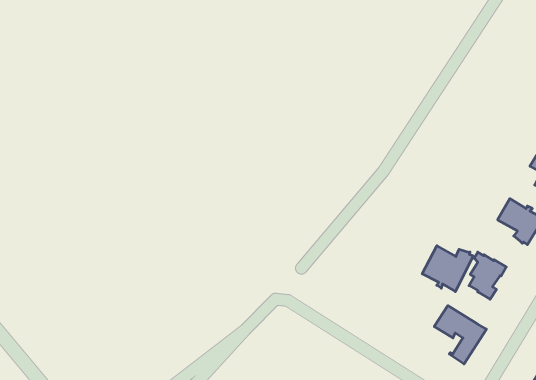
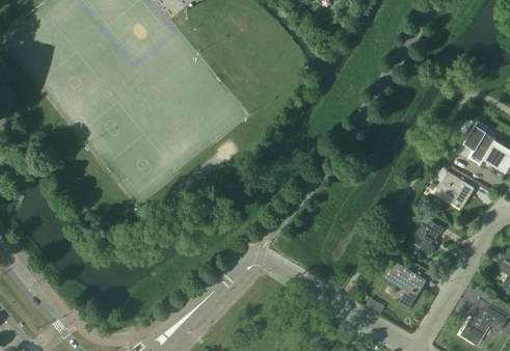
building: [422,246,473,292] -> none

